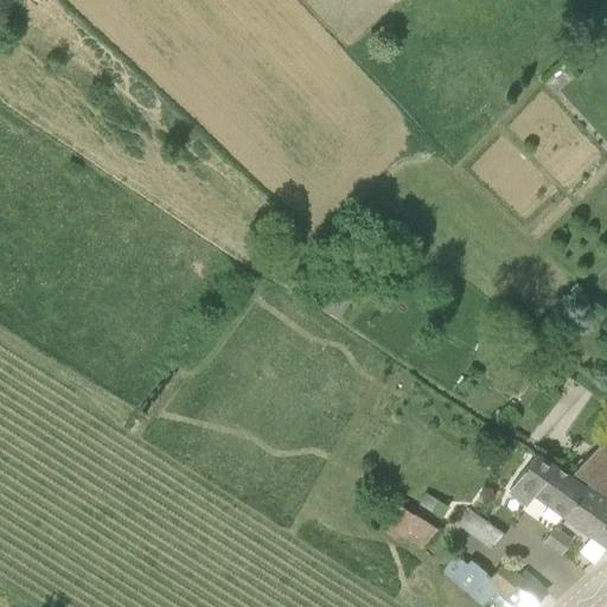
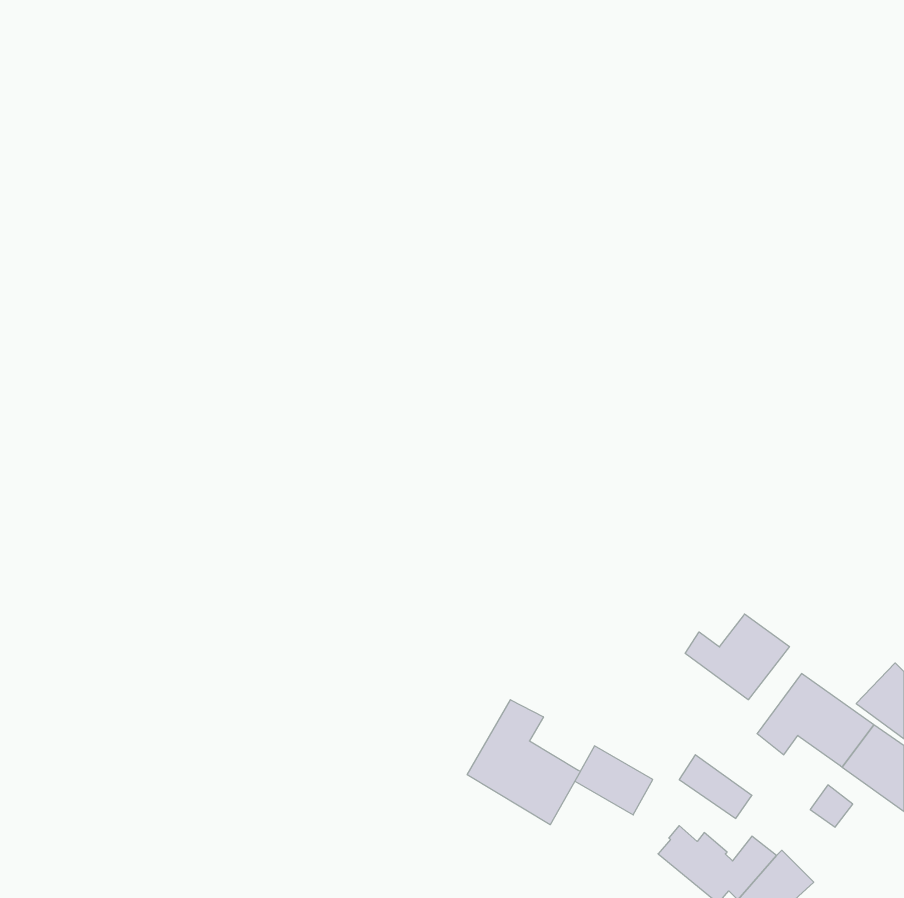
building: none -> [685,614,789,700]
building: none -> [467,700,581,825]

